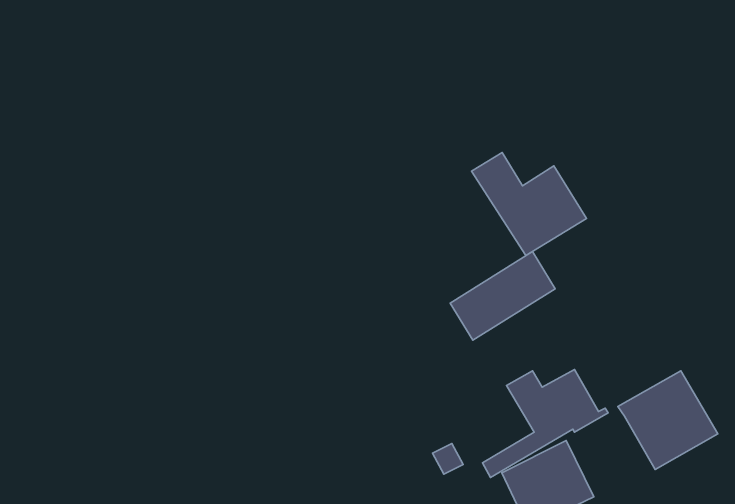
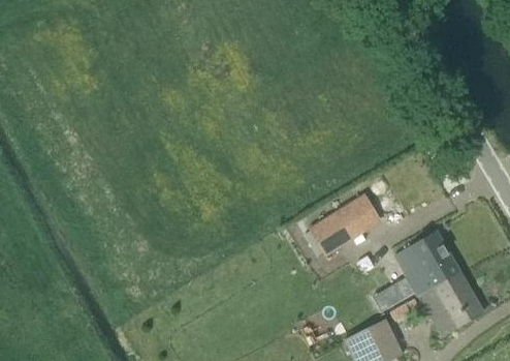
building: [472,153,587,256] -> none
building: none -> [396,231,460,295]

